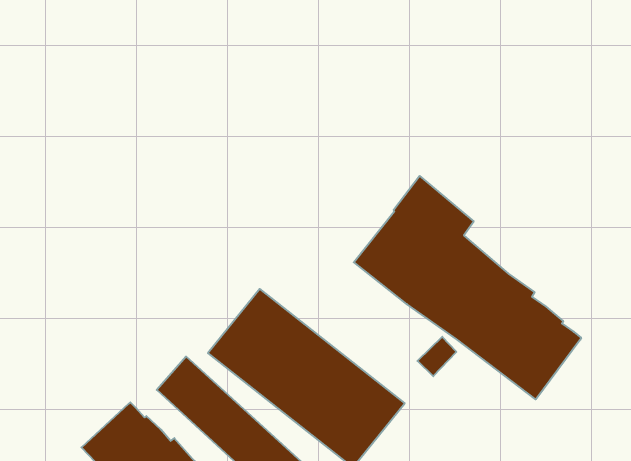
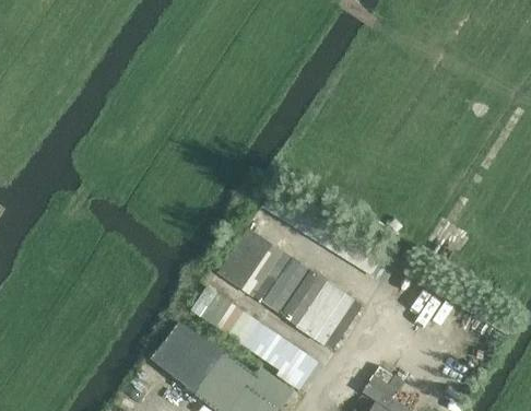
building: [354,176,581,399] -> none

